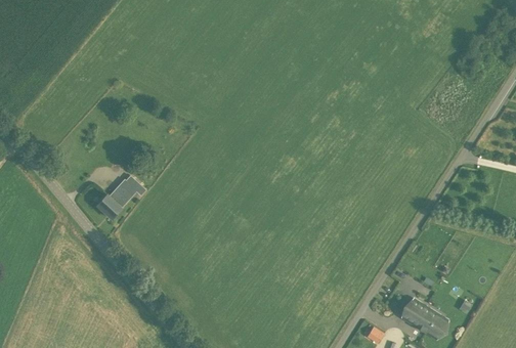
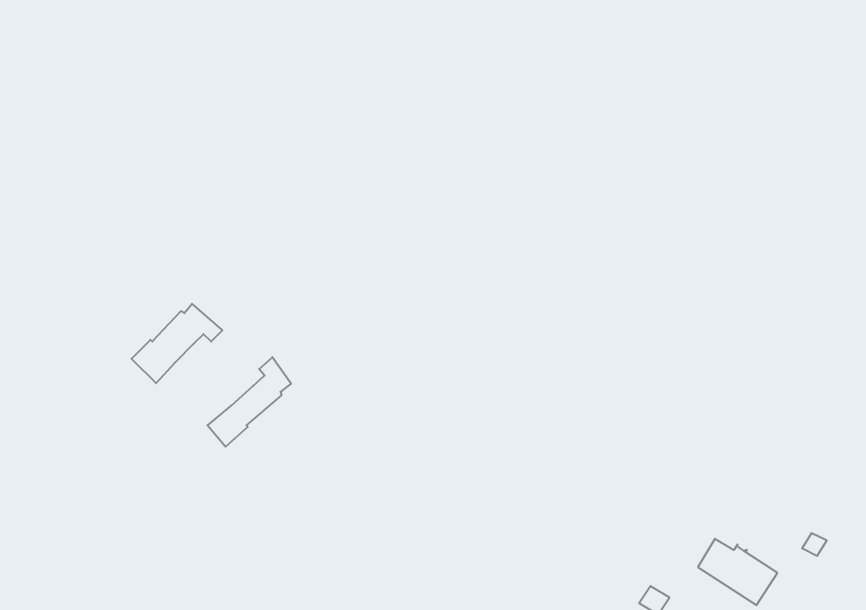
building: none -> [207,357,291,447]

